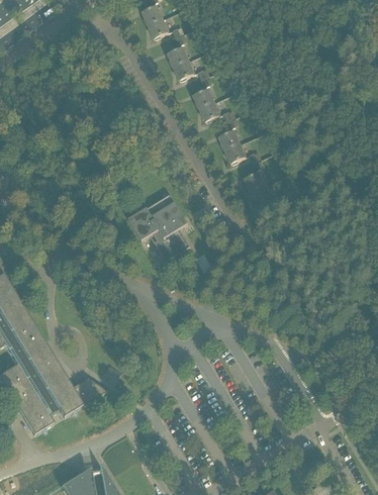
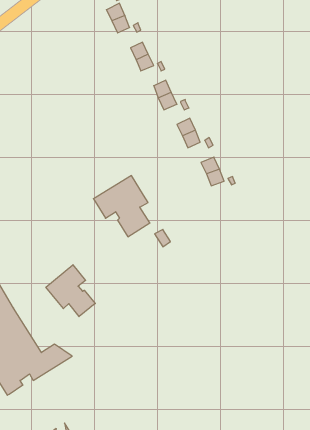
building: none -> [46,265,95,317]

